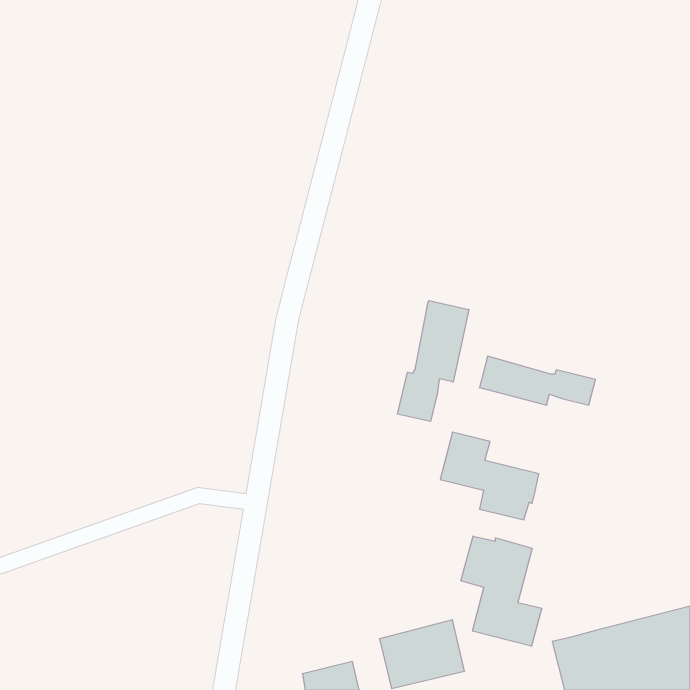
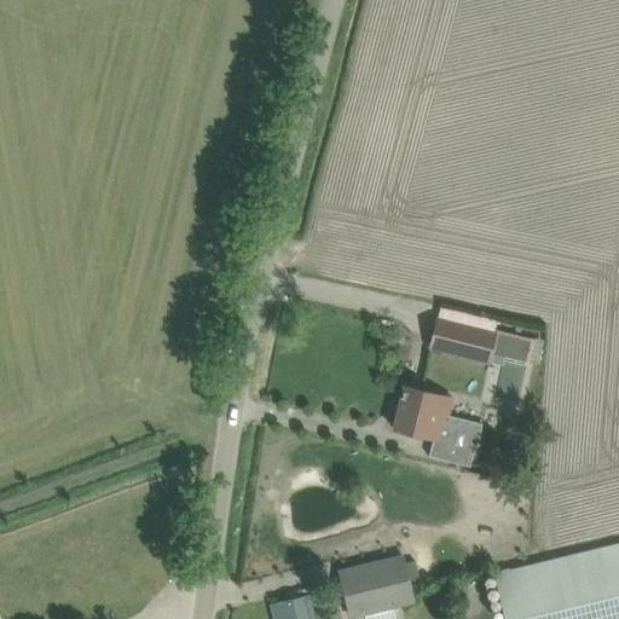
building: [398,300,469,421] -> none
building: [461,536,542,646] -> none

